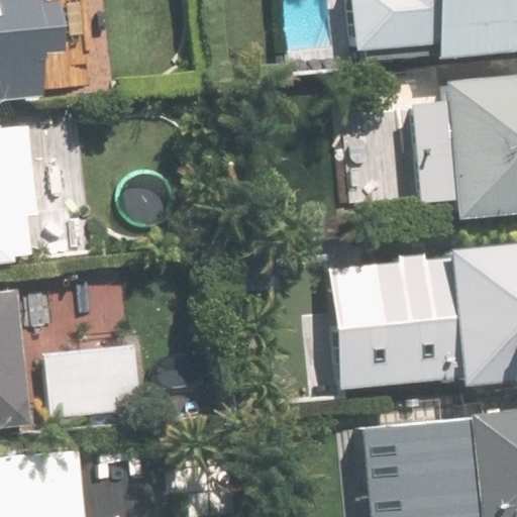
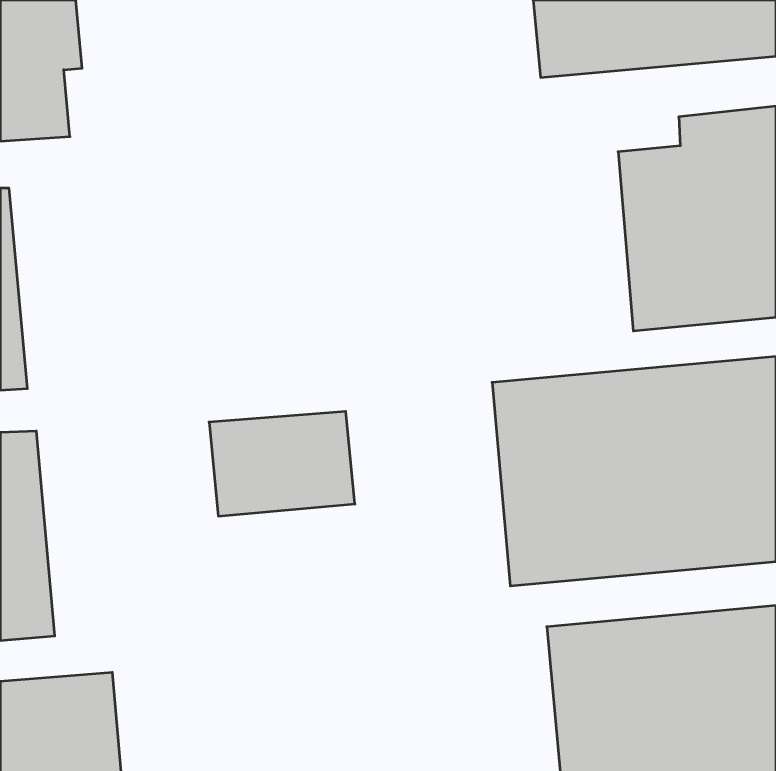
building: [44,348,141,418] -> [209,411,355,516]

